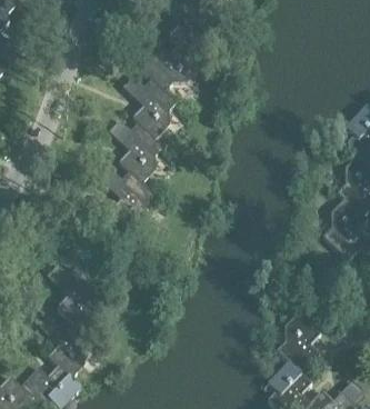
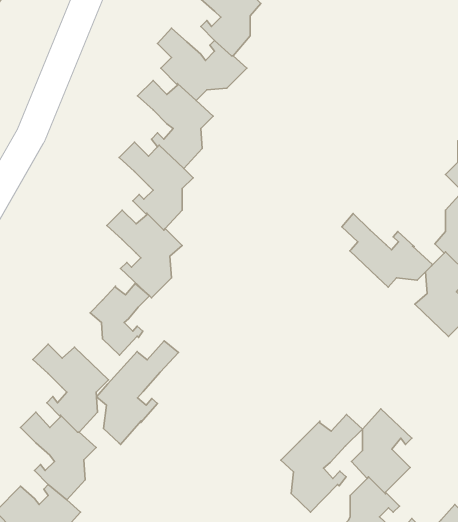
building: none -> [342,213,433,287]
building: none -> [90,283,149,355]
building: none -> [96,341,178,444]
building: none -> [281,415,362,512]

